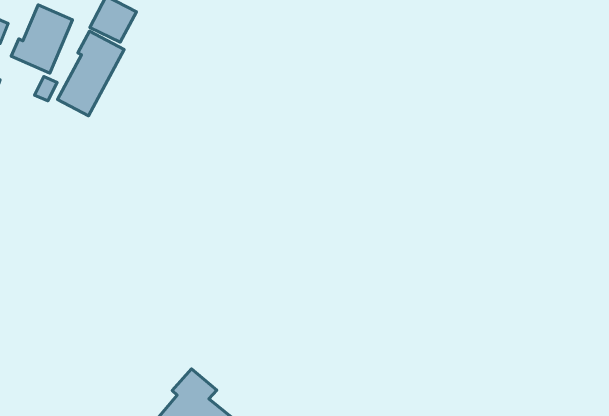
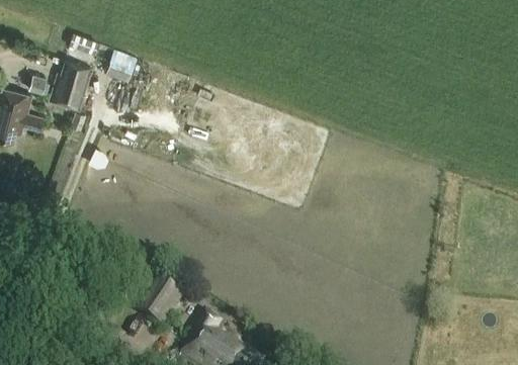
building: [58,31,124,116] -> none
building: none -> [137,277,184,329]

